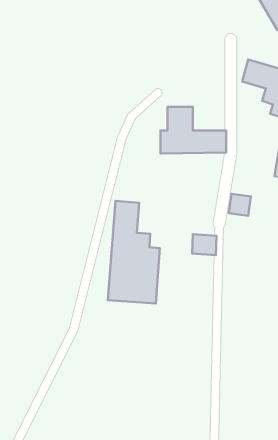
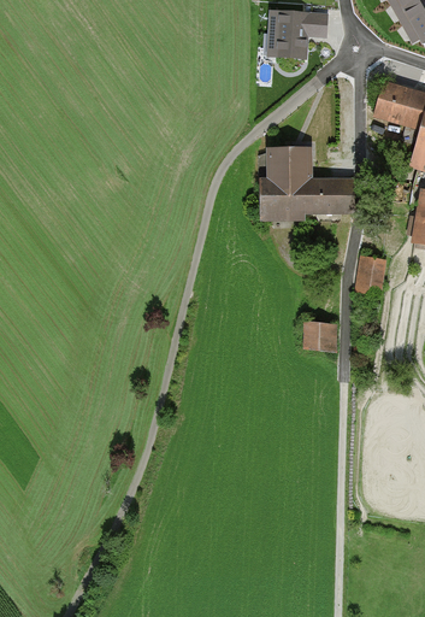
building: none -> [275,13,324,57]
building: [108,201,160,304] -> none

